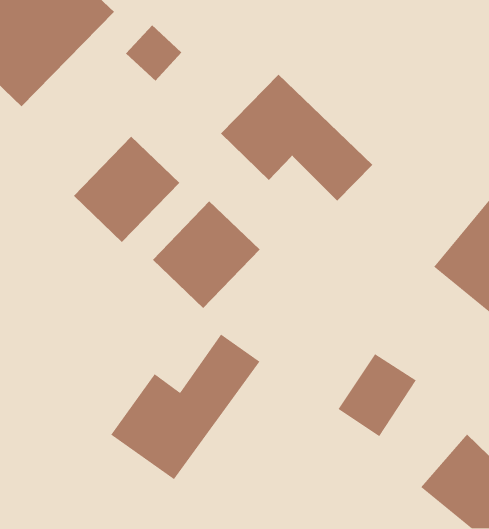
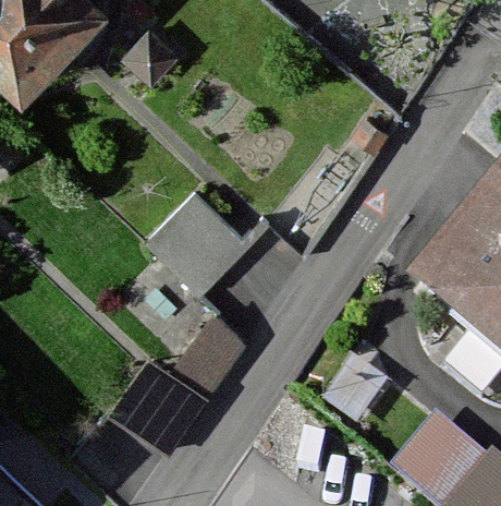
building: [220,74,373,201] -> none
building: [73,136,180,243] -> none

